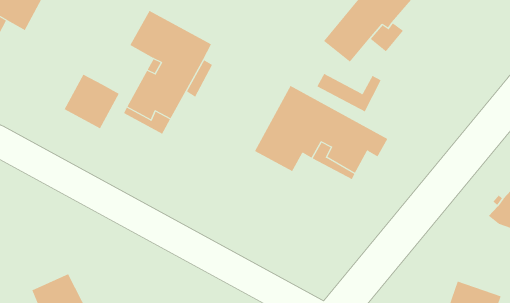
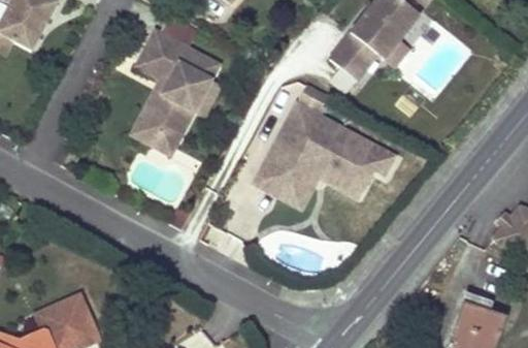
building: [317,73,382,112] -> [254,169,319,209]
building: [64,74,120,129] -> none

